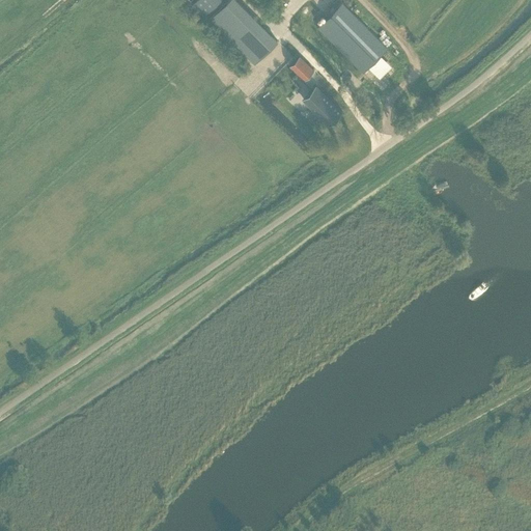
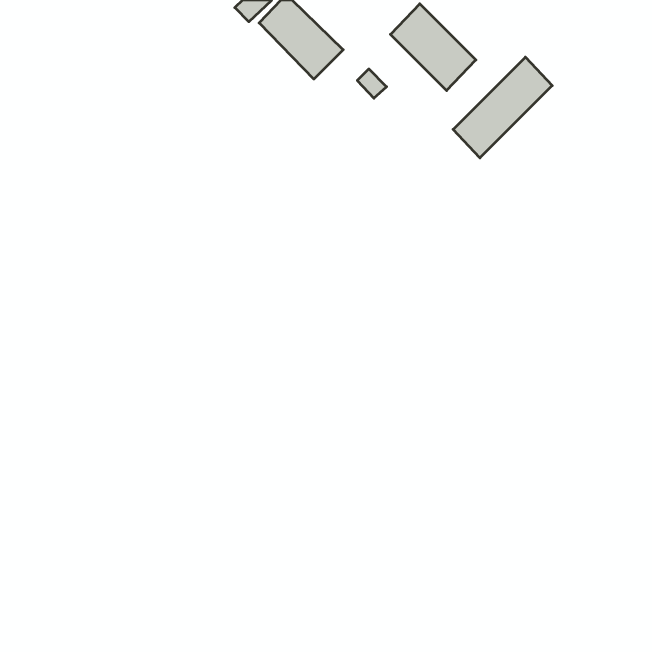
building: none -> [453,57,552,158]
building: [302,85,342,125] -> none

